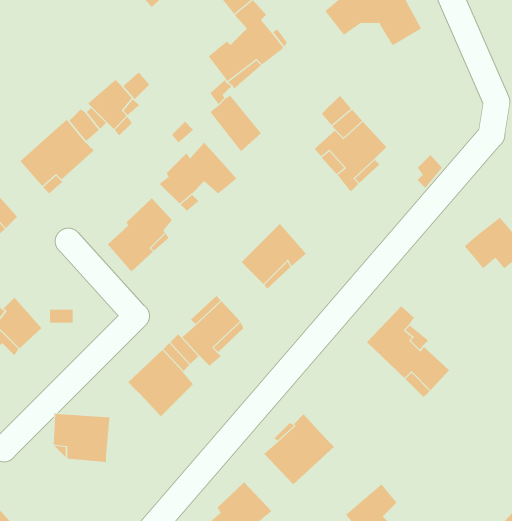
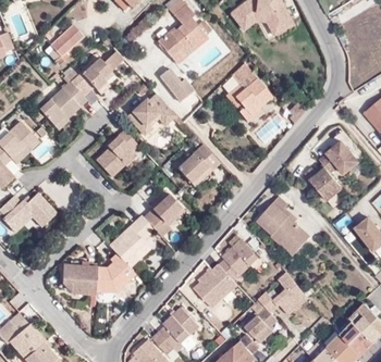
building: none -> [50,25,83,57]
building: none -> [304,166,342,200]
building: none -> [218,239,258,280]
building: none -> [95,252,134,291]
building: none -> [259,272,306,314]

